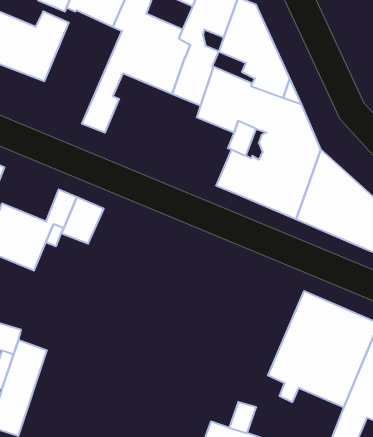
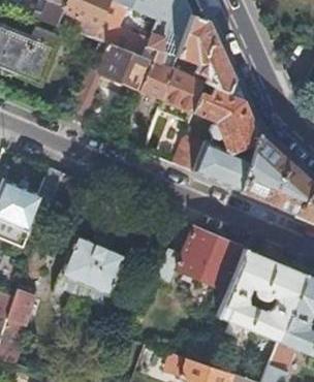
building: none -> [155,228,239,288]
building: none -> [60,235,124,295]

